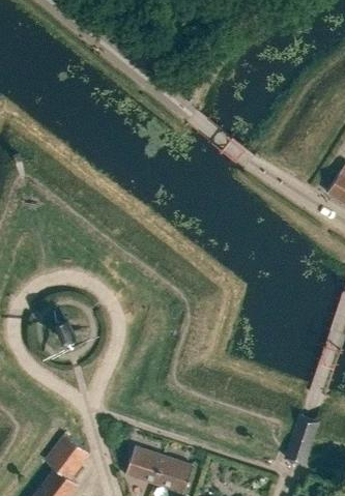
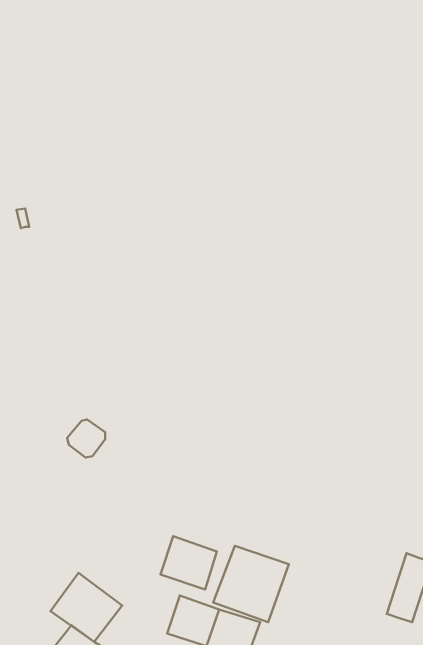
building: none -> [160,536,217,589]
building: none -> [213,546,289,622]

